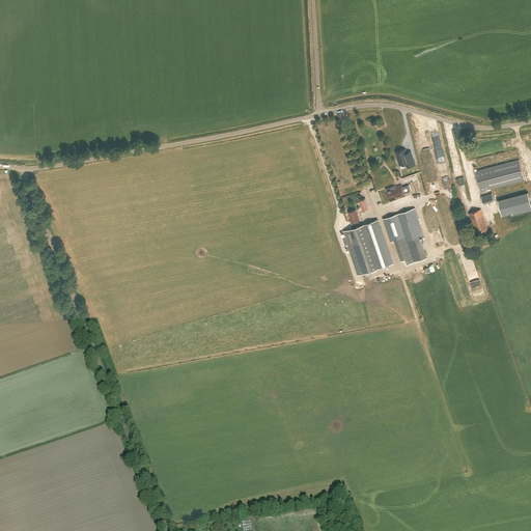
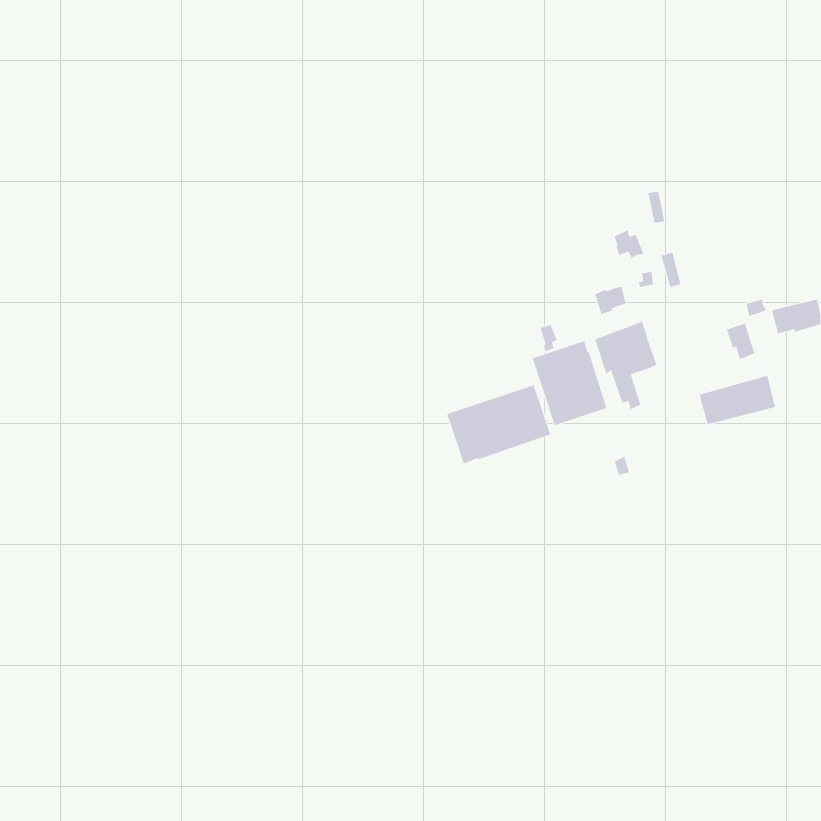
building: [475,159,525,191] -> [699,375,776,425]
building: none -> [447,384,551,464]

